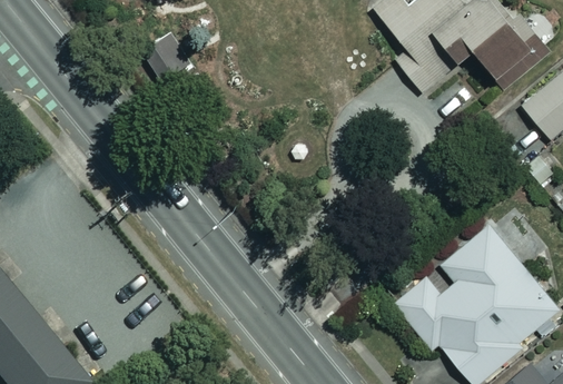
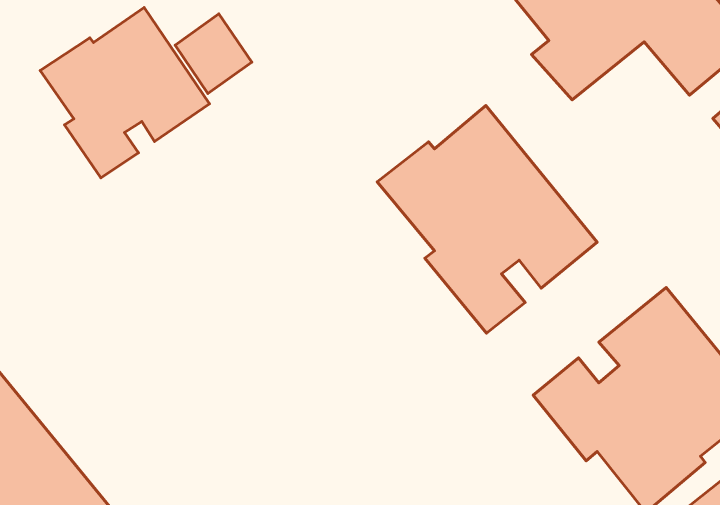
building: none -> [40,7,209,178]
building: none -> [377,106,597,333]

